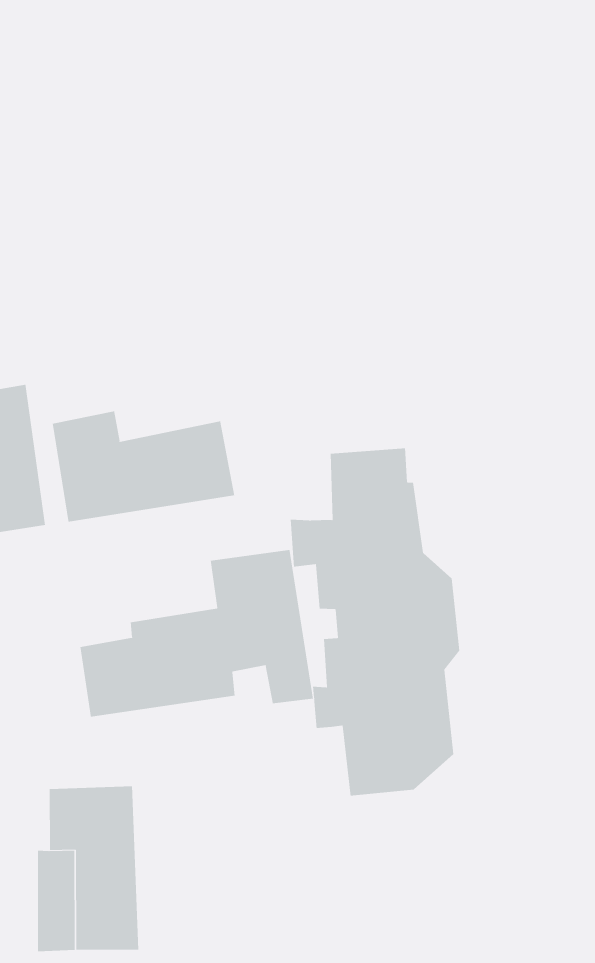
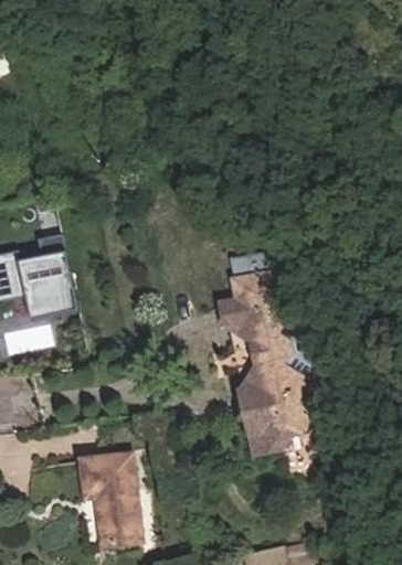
building: [52,411,235,523] -> none
building: [80,549,313,718] -> none

